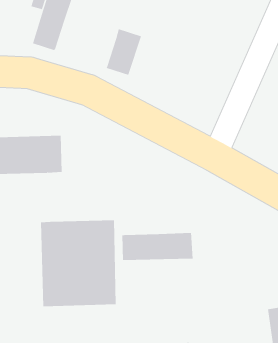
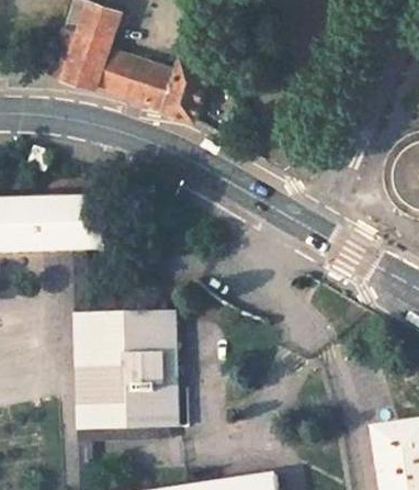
building: none -> [94,47,174,108]
building: [122,232,193,261] -> none

